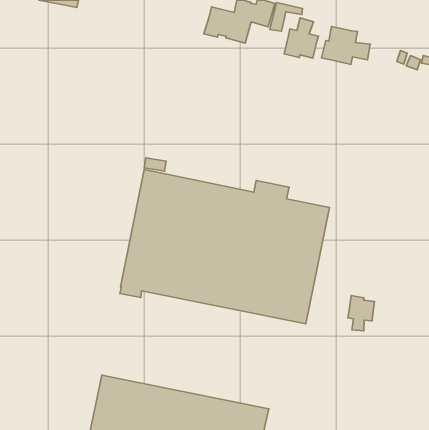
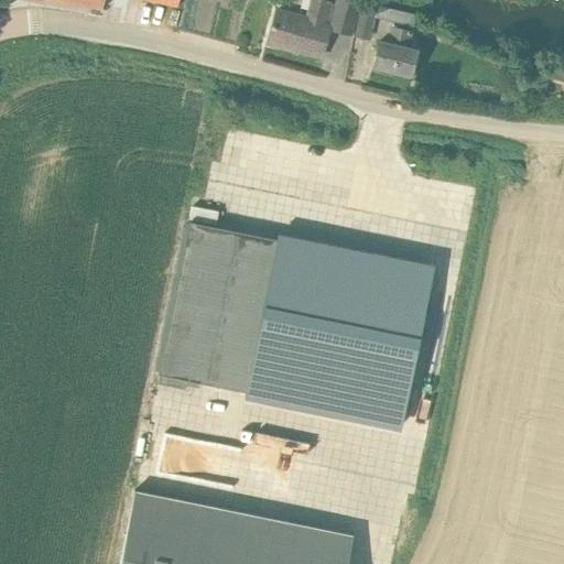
building: [321,26,370,65] -> none
building: [348,296,375,331] -> none

